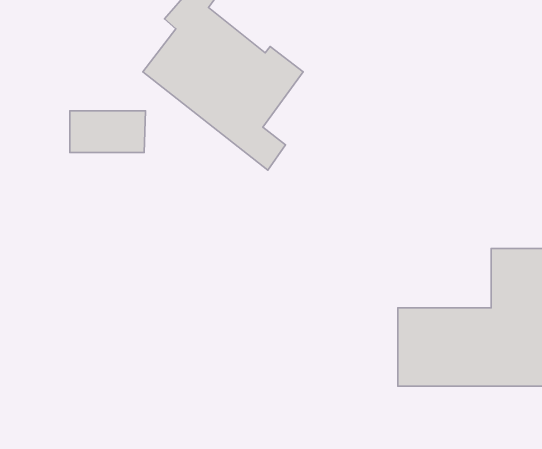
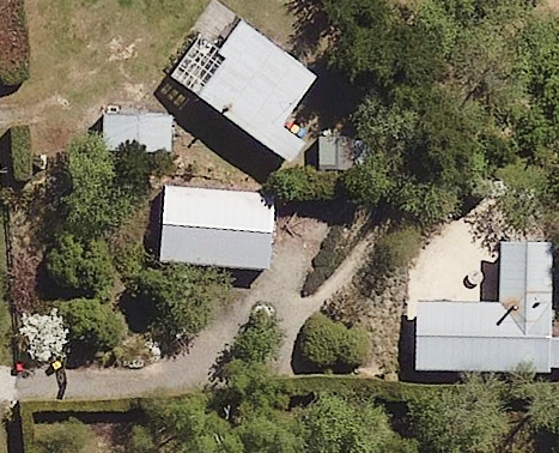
building: none -> [159,186,272,267]

